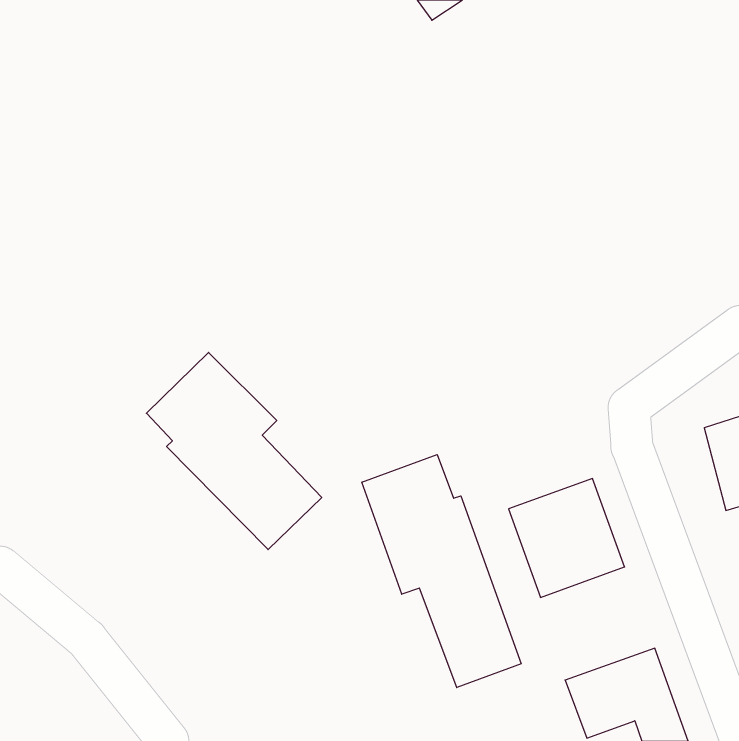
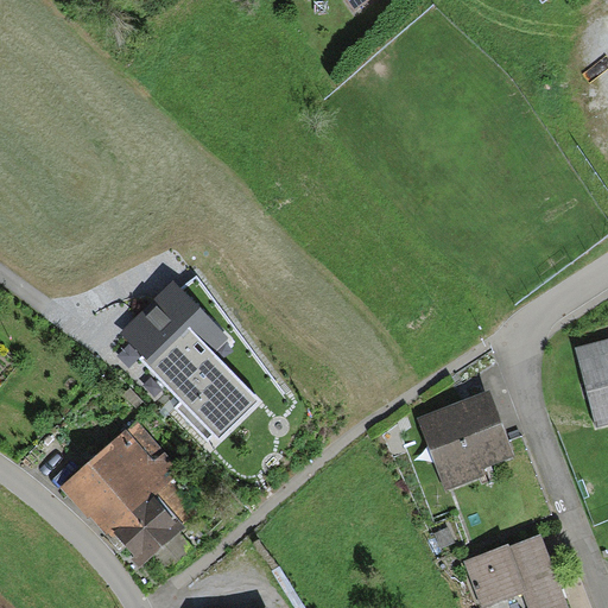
building: [362,455,521,688] -> none
building: none -> [62,423,175,560]

